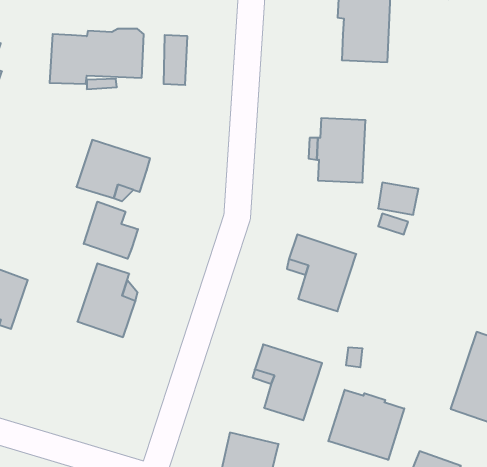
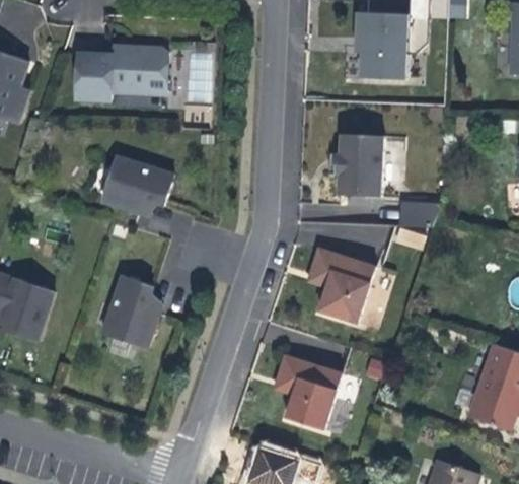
building: [84,202,138,259] -> none
building: none -> [352,221,384,262]
building: [328,390,404,460] -> none

